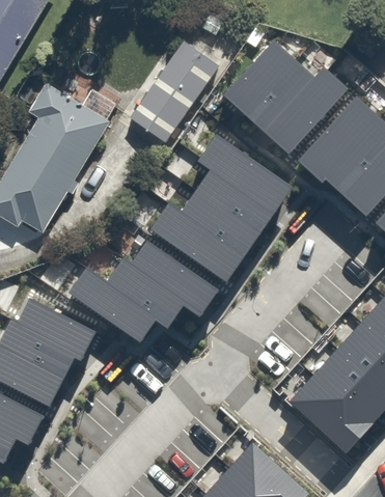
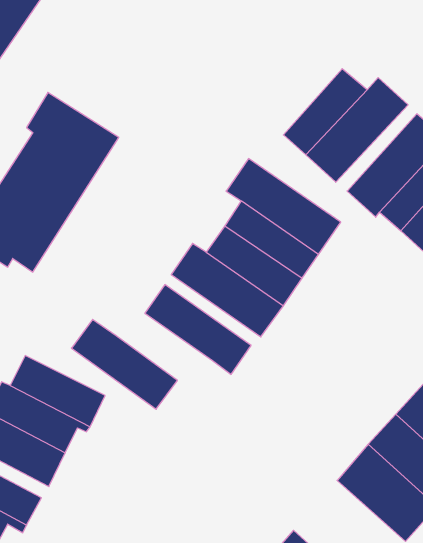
building: [129,42,217,142] -> none
building: [224,42,294,114] -> none
building: [106,257,186,327] -> none

